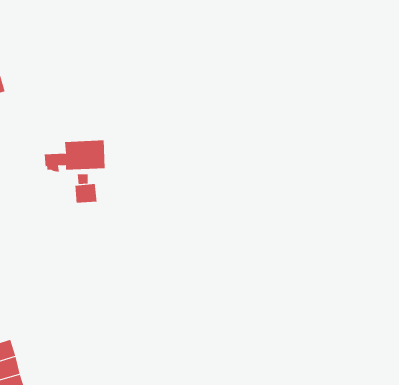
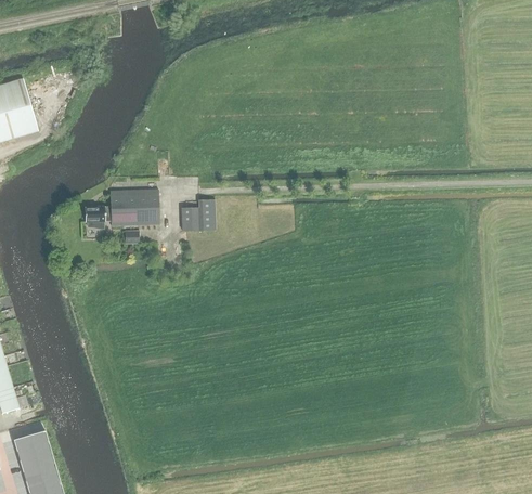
building: none -> [181,198,215,231]
building: [75,183,97,204] -> none

